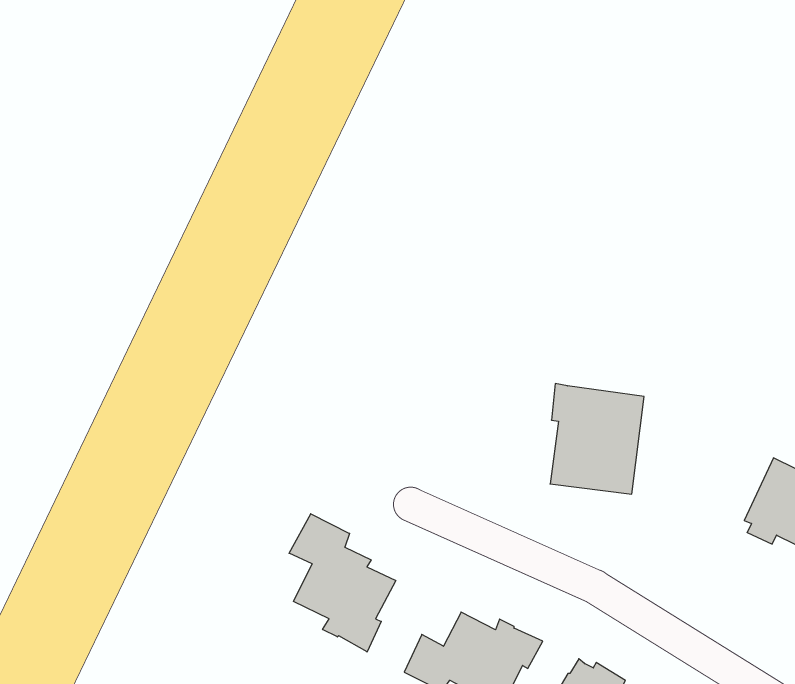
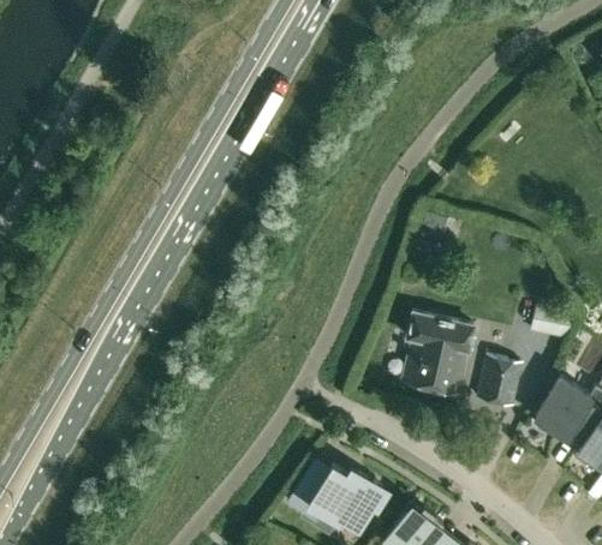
building: none -> [476,357,521,406]
building: [289,514,396,652] -> none

